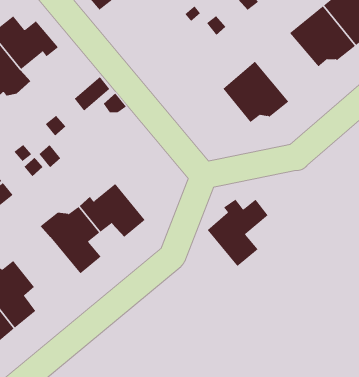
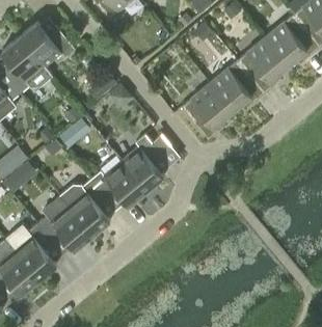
building: none -> [236,37,288,93]
building: none -> [180,83,232,140]
building: [207,199,269,267] -> [120,135,171,191]
building: none -> [36,206,91,250]

